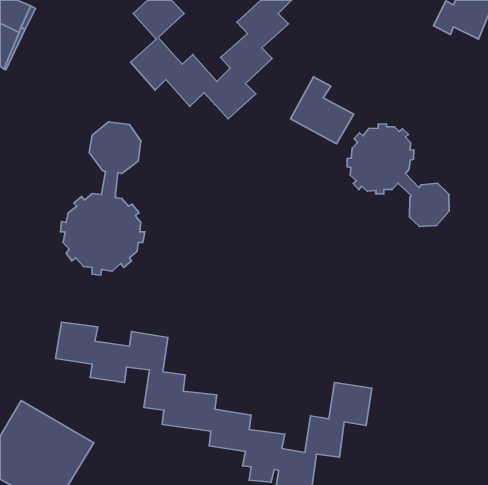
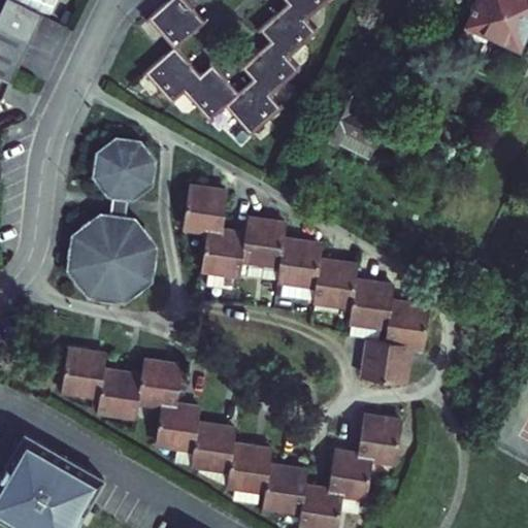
building: [347,124,449,226] -> none
building: none -> [184,185,430,383]

